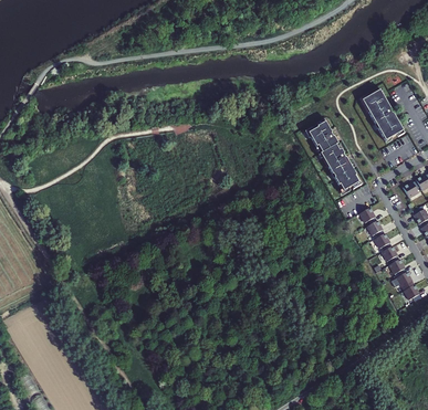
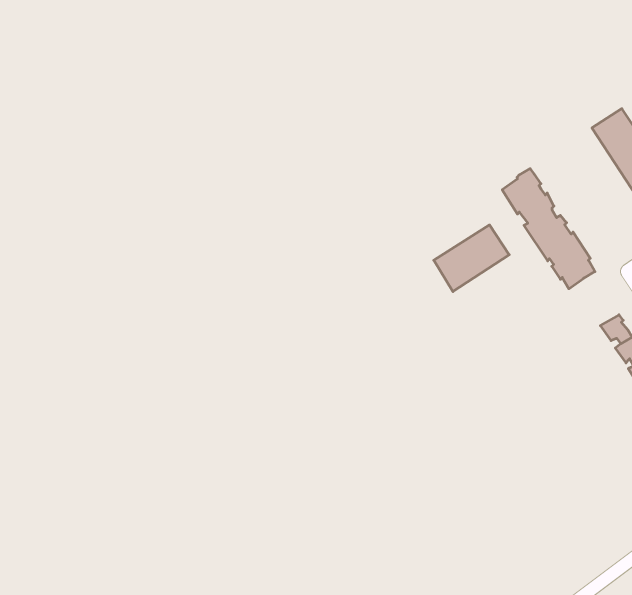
building: none -> [434,225,509,292]

